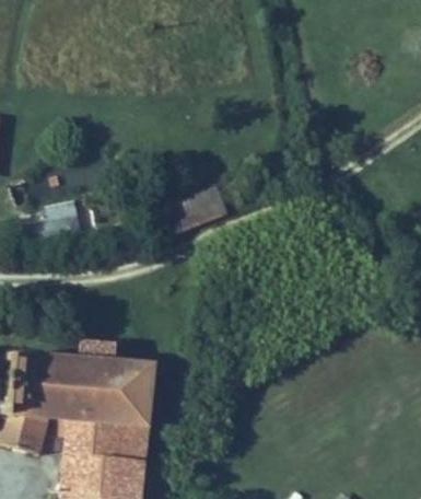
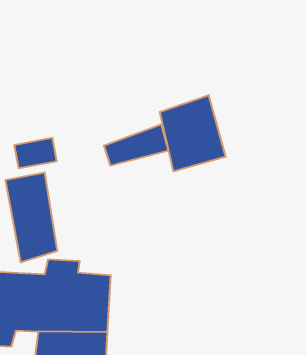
building: none -> [160,95,226,171]
building: none -> [5,172,57,262]

